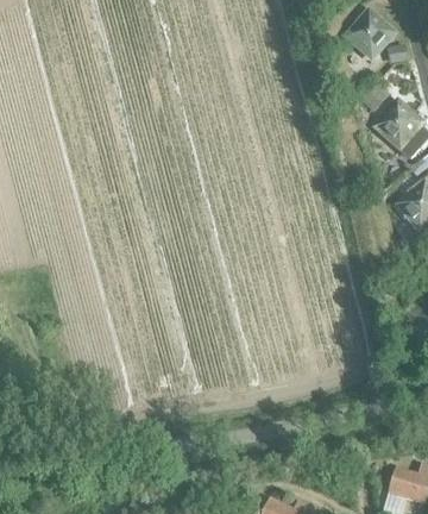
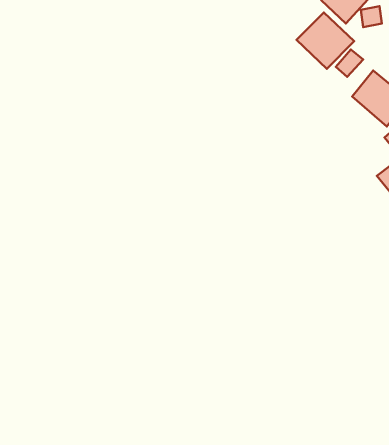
building: none -> [296,12,354,69]

